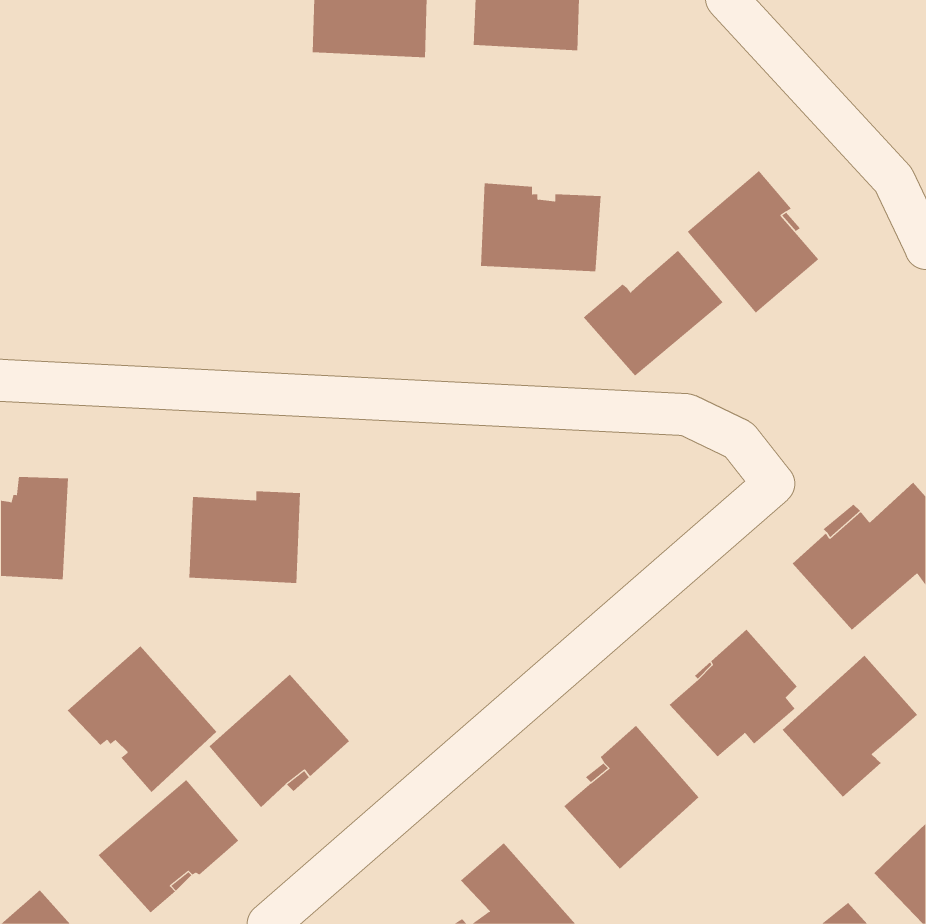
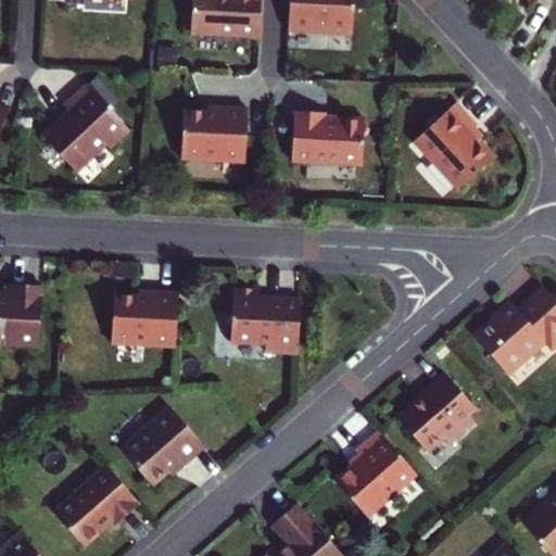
building: none -> [39,81,127,169]
building: none -> [174,105,241,160]
building: [583,250,723,377] -> none
building: none -> [235,291,304,355]
building: [67,645,217,793] -> none
building: [782,655,918,798] -> none

